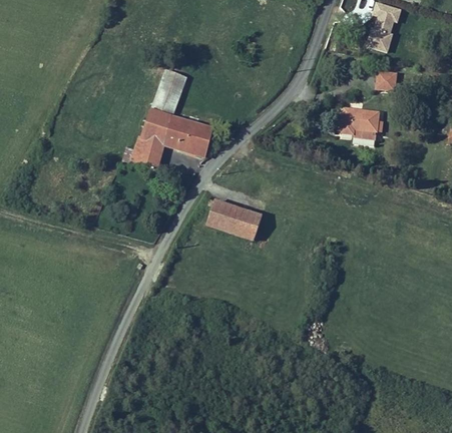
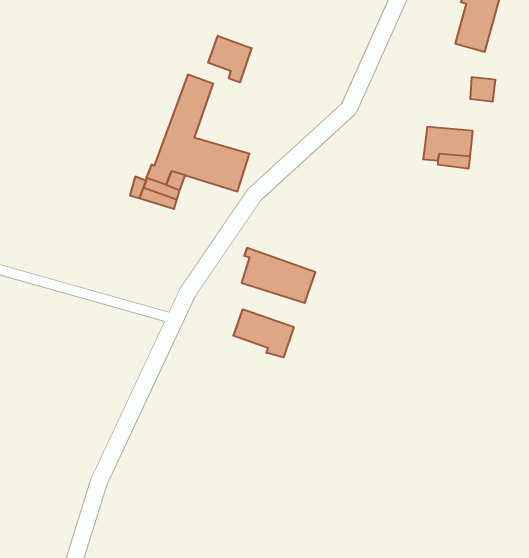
building: none -> [208,36,252,82]
building: none -> [233,309,294,357]

